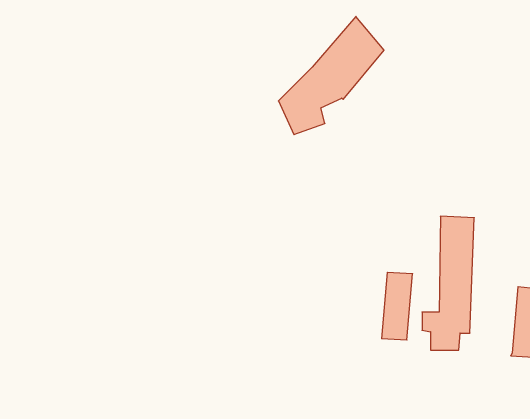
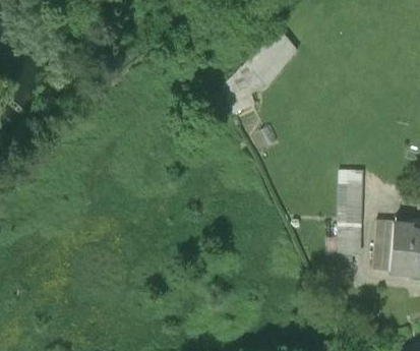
building: [382,272,413,340] -> [372,220,395,269]

